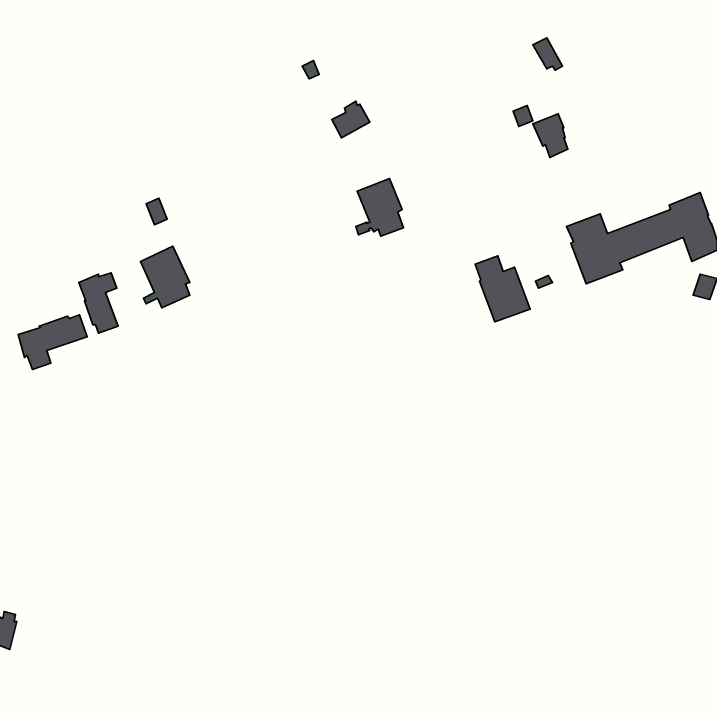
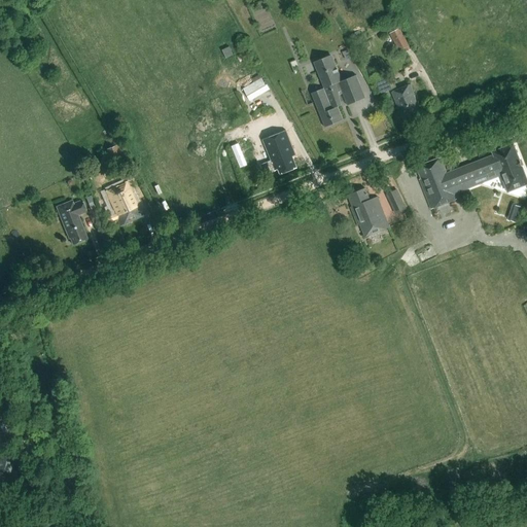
building: none -> [311,55,364,127]
building: [18,315,87,369] -> none

